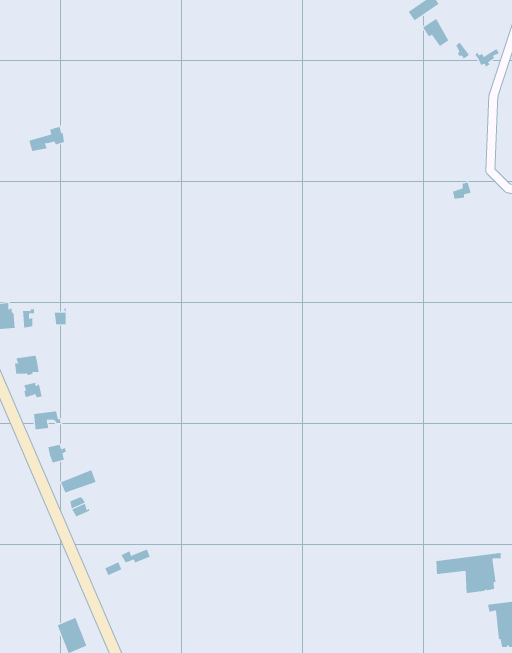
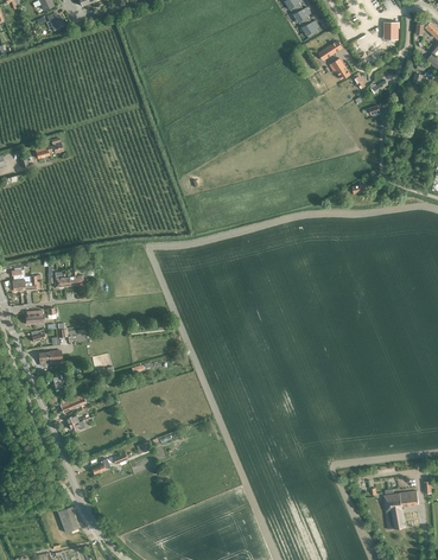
building: [436,552,501,594] -> none

